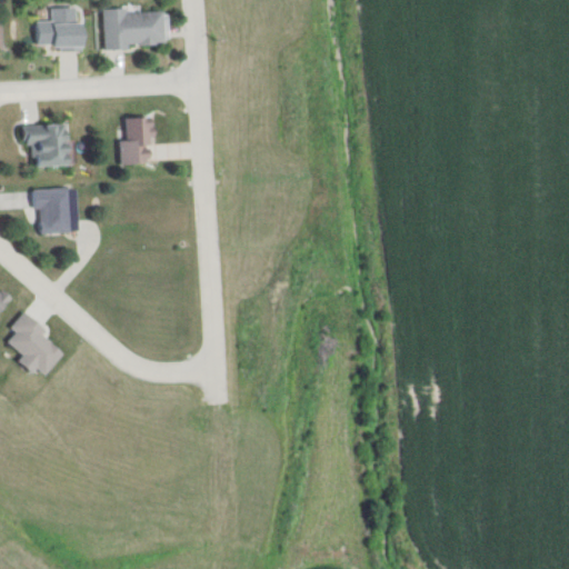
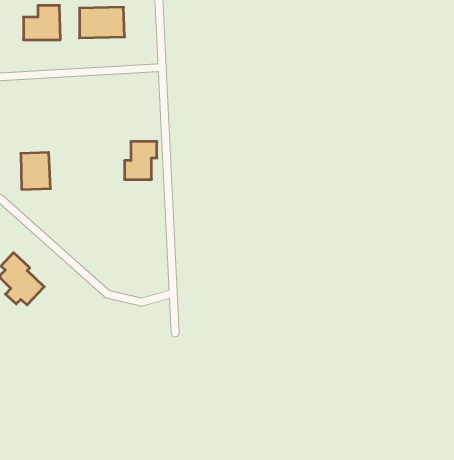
building: [120,117,160,163] -> [124,142,157,179]
building: [22,124,73,166] -> none

